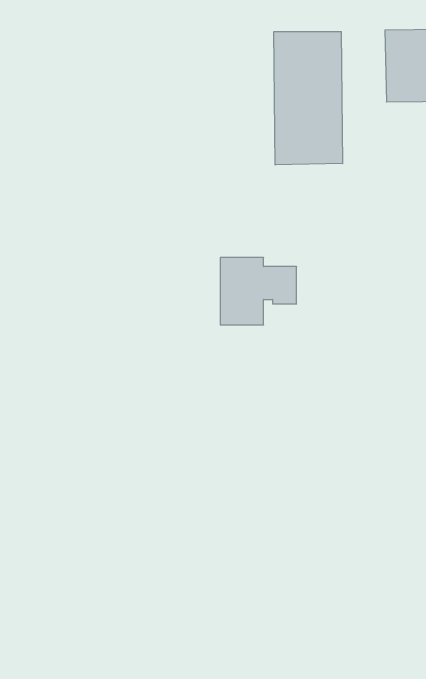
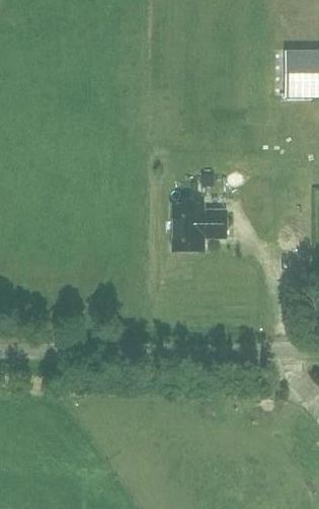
building: [274,32,343,165] -> none

